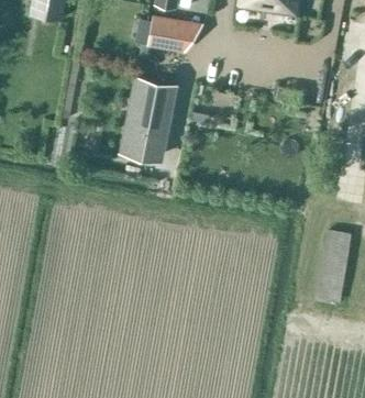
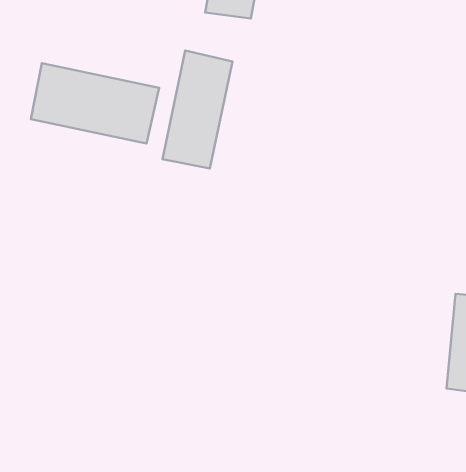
building: none -> [31,63,159,143]

